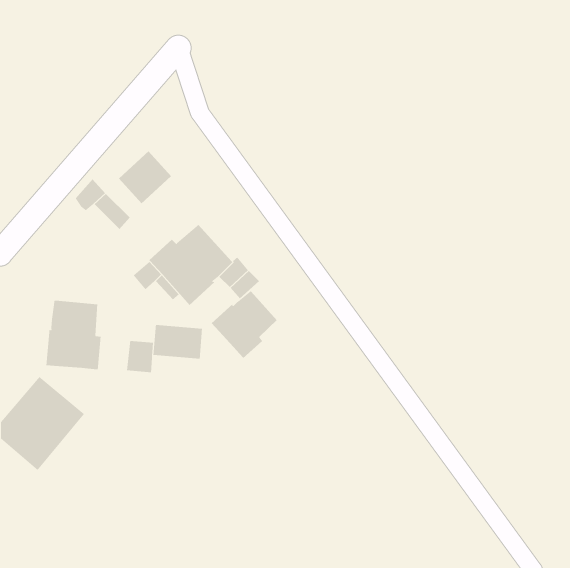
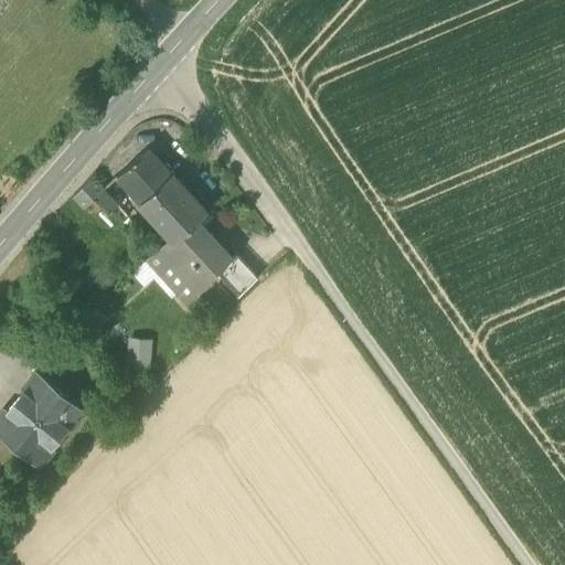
building: none -> [139,175,207,243]
building: [211,290,278,359] -> none
building: [46,300,101,370] -> none
building: [153,324,202,359] -> none

